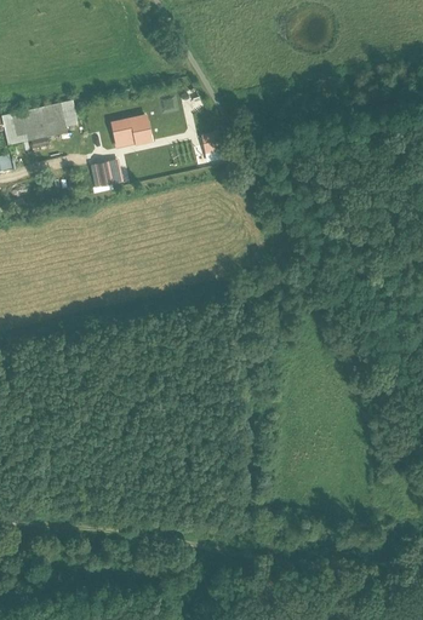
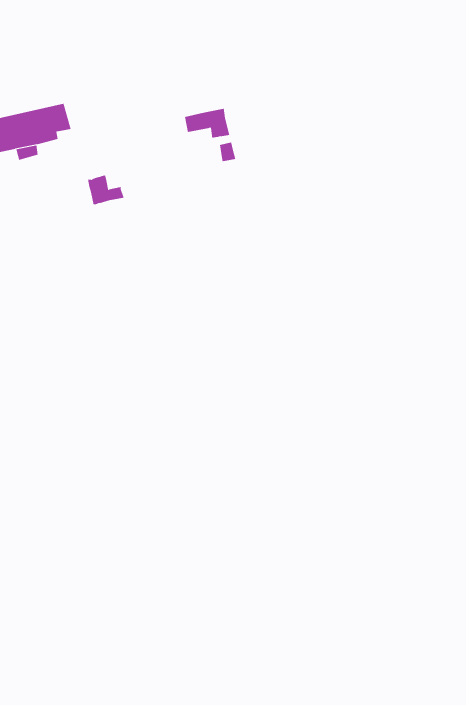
building: [113,115,152,140] -> [184,108,230,138]

